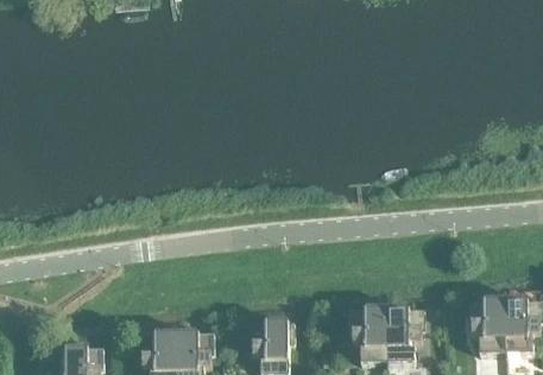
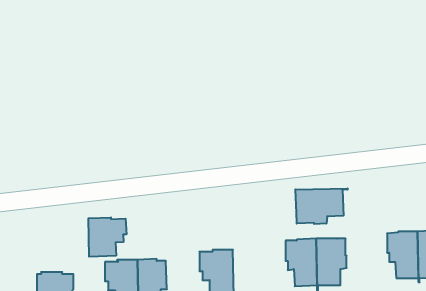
building: none -> [295,188,348,224]
building: none -> [88,217,126,257]

